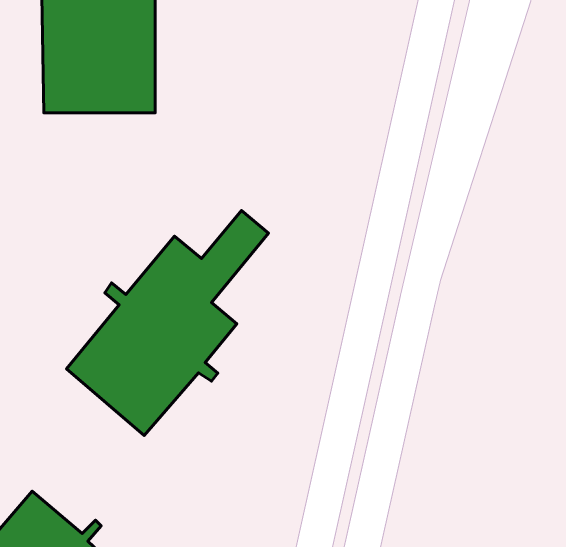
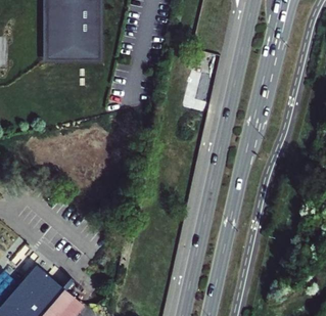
building: [67,211,269,436] -> none

